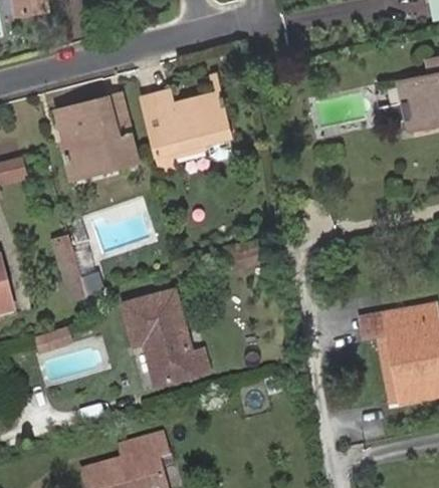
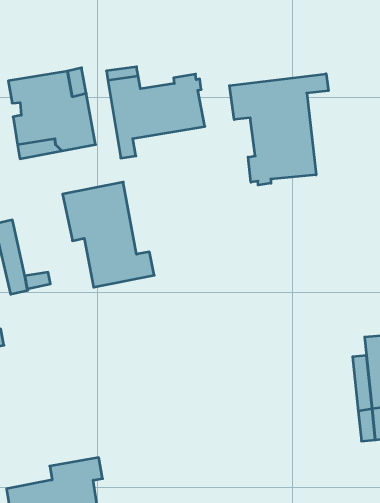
building: none -> [229,74,328,185]
building: [123,289,209,384] -> [63,182,154,287]

